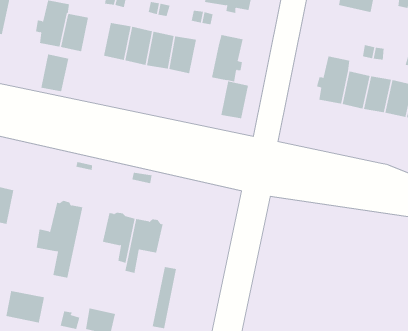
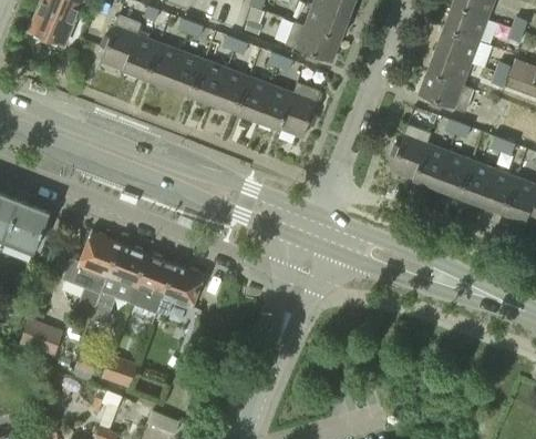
building: none -> [419,72,473,113]
building: [41,54,69,92] -> [145,42,181,85]
building: [221,81,249,119] -> [257,84,292,127]
building: none -> [91,244,146,324]

